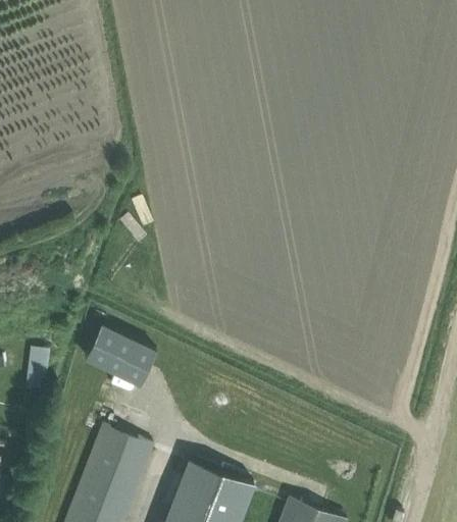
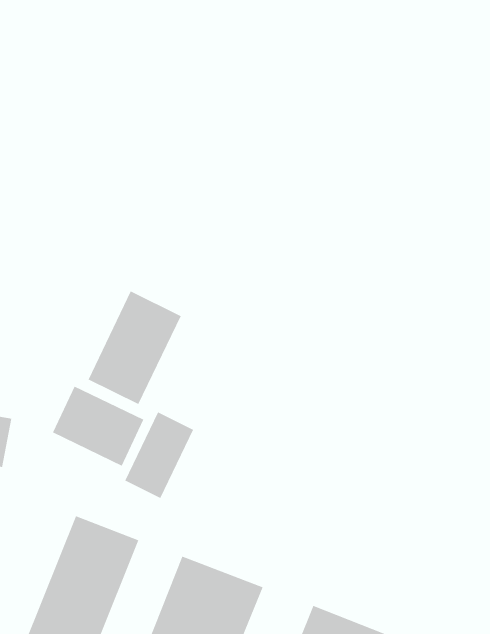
building: none -> [88,291,181,405]
building: none -> [124,412,194,499]

